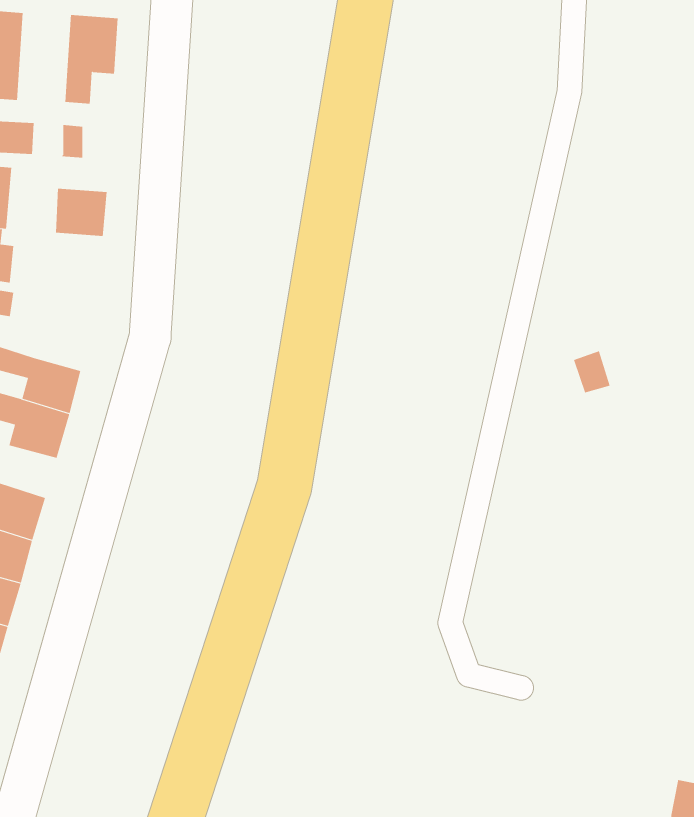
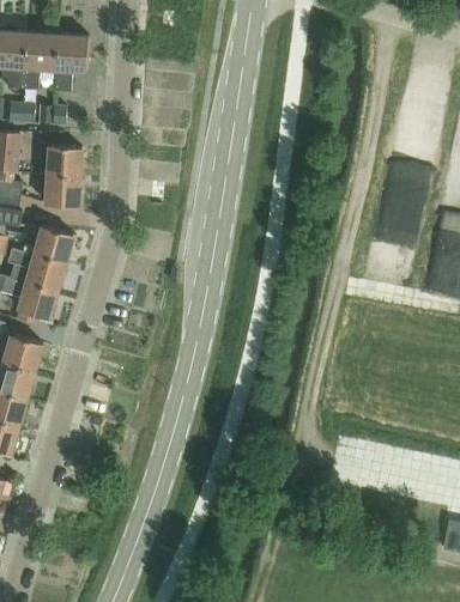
building: none -> [24,32,58,89]
building: none -> [37,174,79,206]
building: none -> [35,225,73,262]

